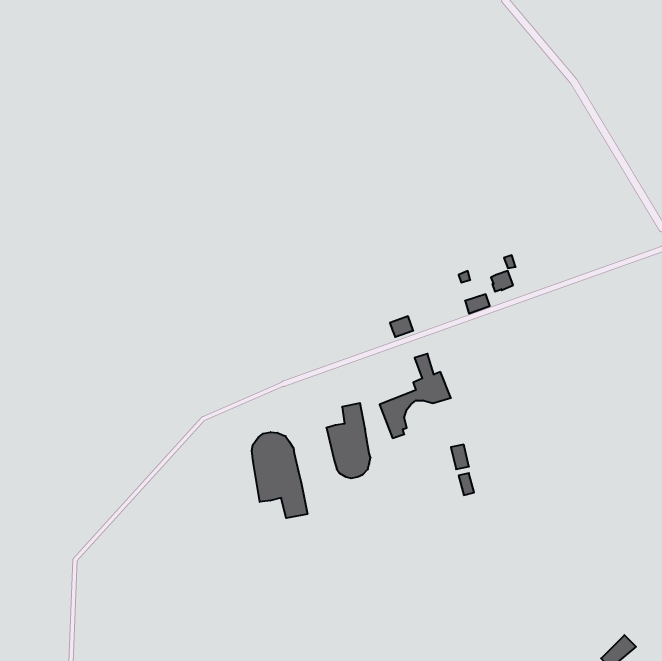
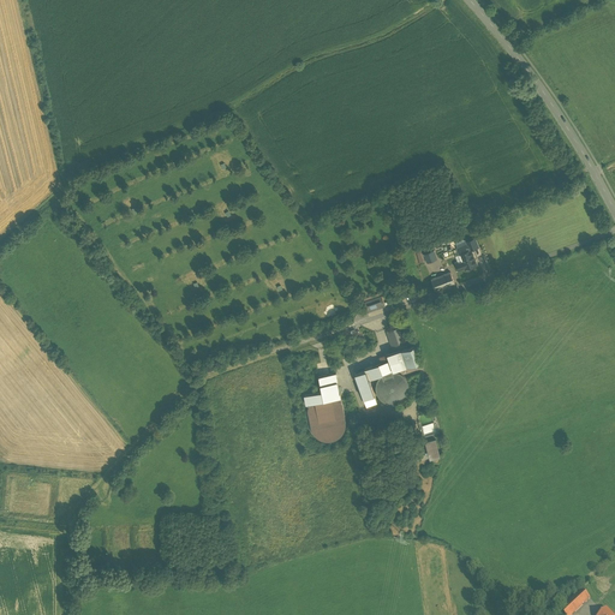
building: none -> [375,372,408,406]
building: [252,432,307,518] -> none

